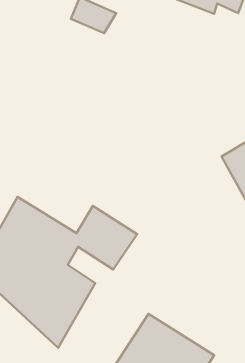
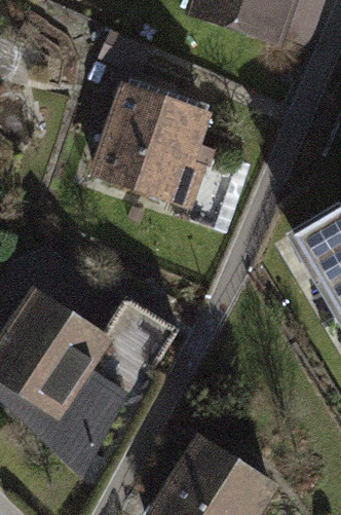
building: none -> [84,79,214,210]

